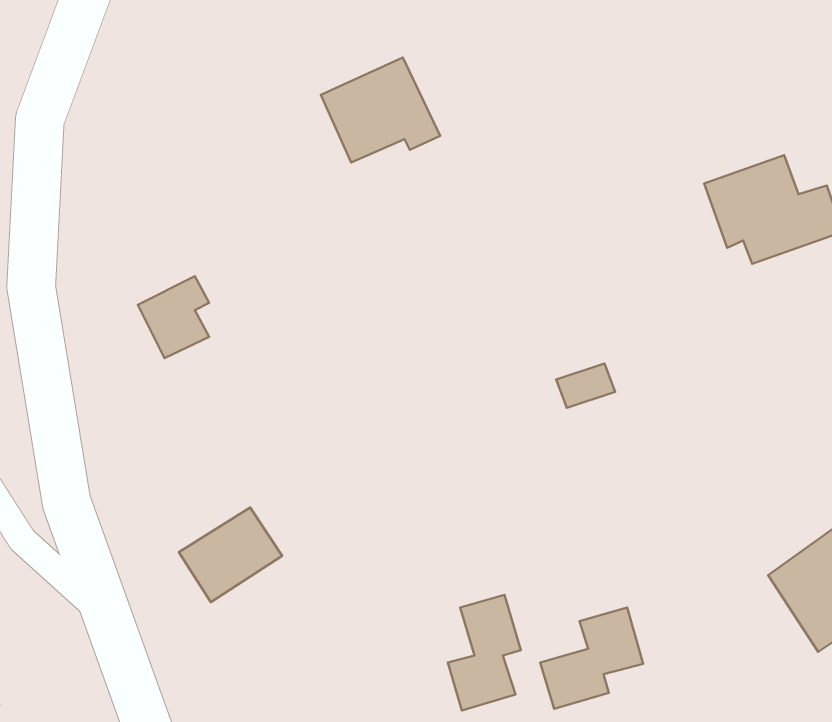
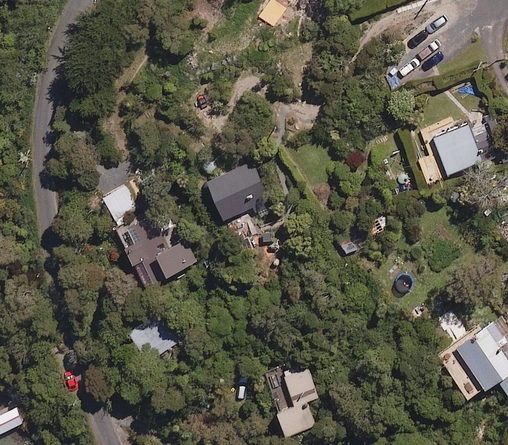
building: [321,57,440,162] -> [204,162,271,221]
building: none -> [115,220,194,289]
building: [540,608,643,709] -> none

